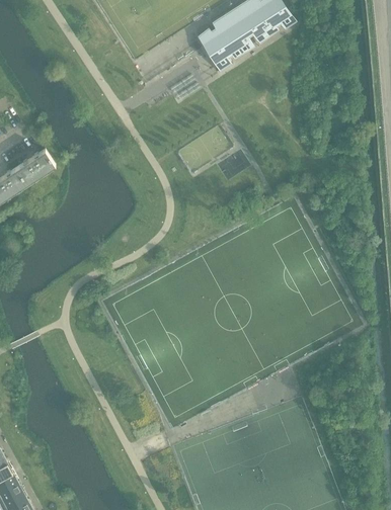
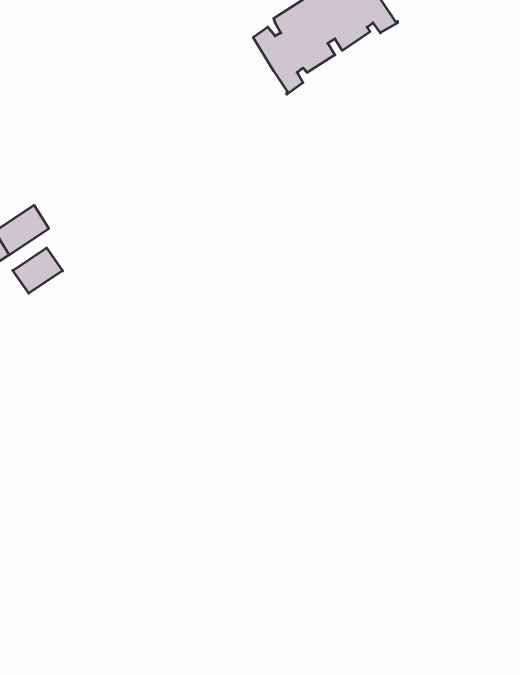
building: none -> [13,248,63,293]

